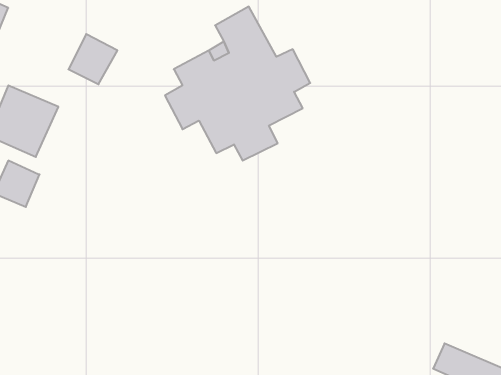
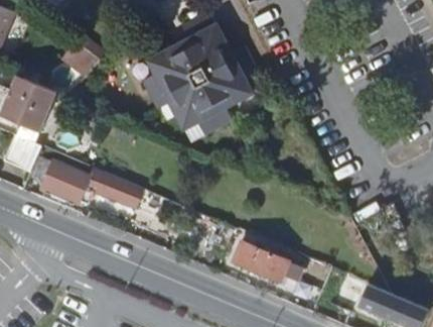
building: none -> [40,159,126,205]
building: none -> [223,230,303,283]

